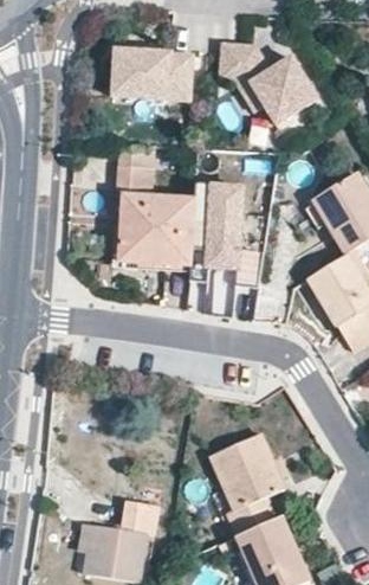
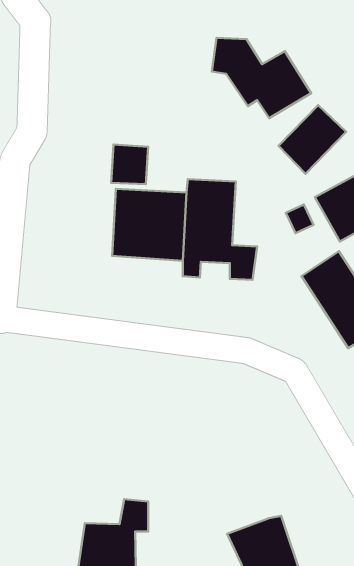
building: [112,52,193,102] -> none
building: none -> [278,105,346,174]
building: [211,433,284,535] -> none

